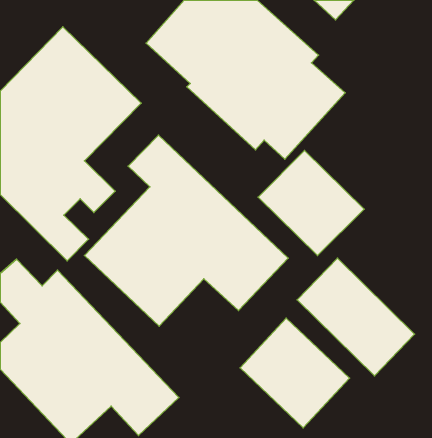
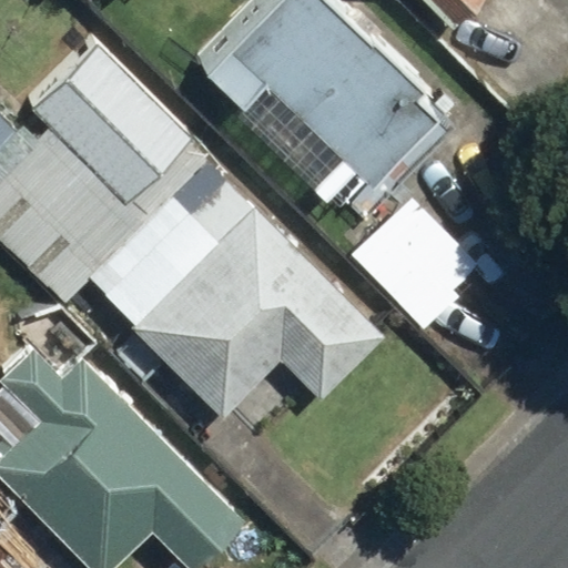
building: [297,258,415,376] -> none
building: [240,318,350,428] -> none

